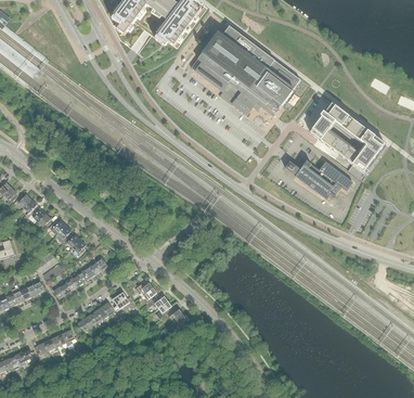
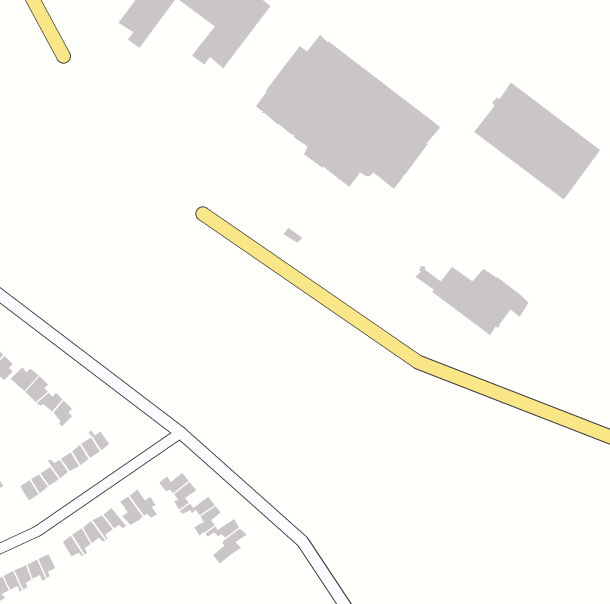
building: [309,101,384,170] -> [473,82,601,200]

